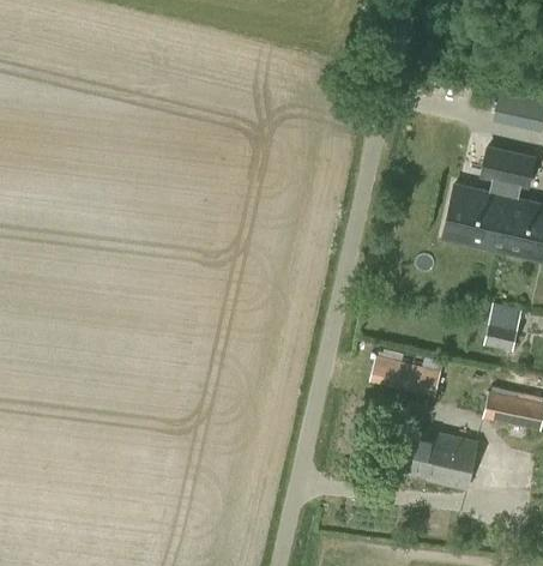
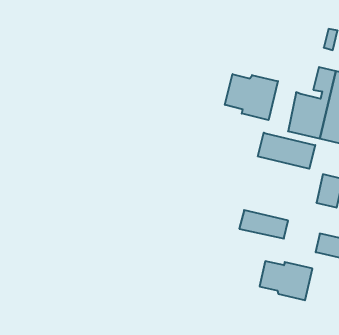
building: none -> [225,74,278,120]
building: none -> [258,133,315,169]

